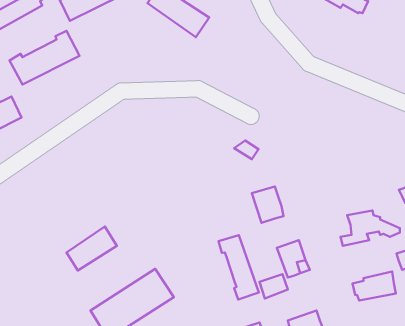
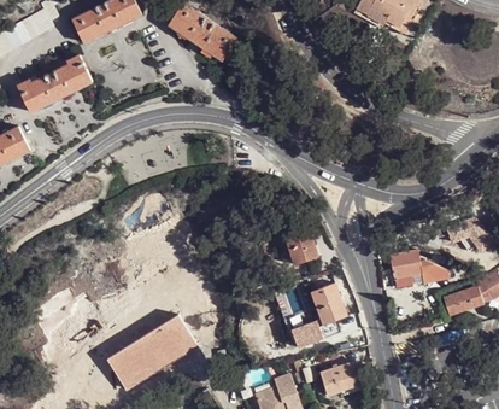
building: [67,227,117,270] -> none
building: [218,235,259,299] -> none
building: [353,272,396,300] -> none

